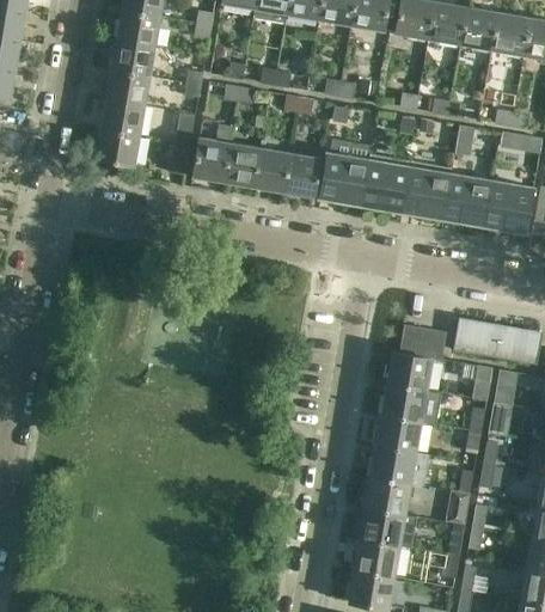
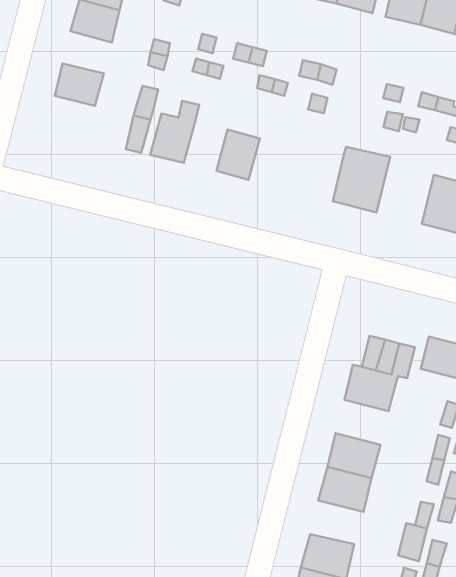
building: [106,69,149,105] -> none
building: [96,129,139,166] -> none
building: [223,142,261,185] -> none
building: [319,152,368,204] -> none
building: [283,153,320,196] -> none
building: [402,160,452,219] -> none
building: [380,384,427,422] -> none
building: [365,477,411,514] -> none

